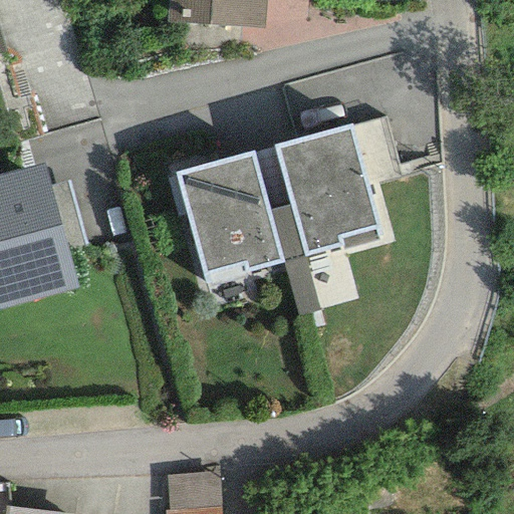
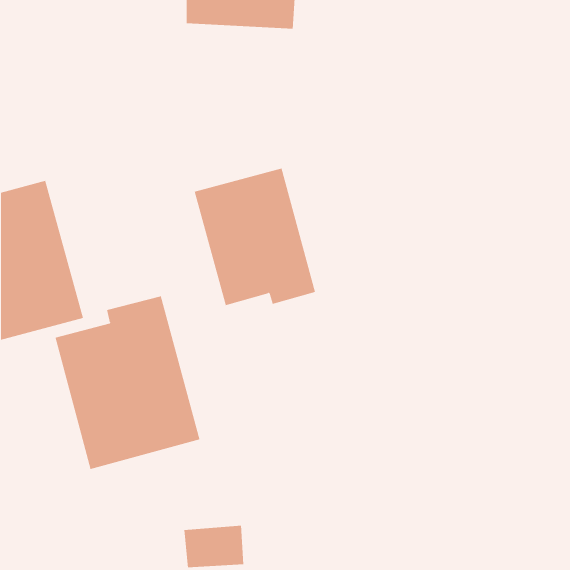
building: [274,122,378,255] -> none
building: none -> [55,295,200,470]

